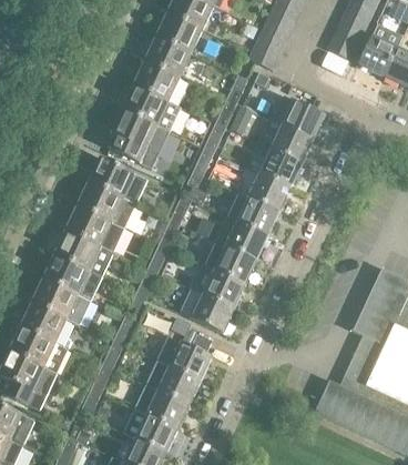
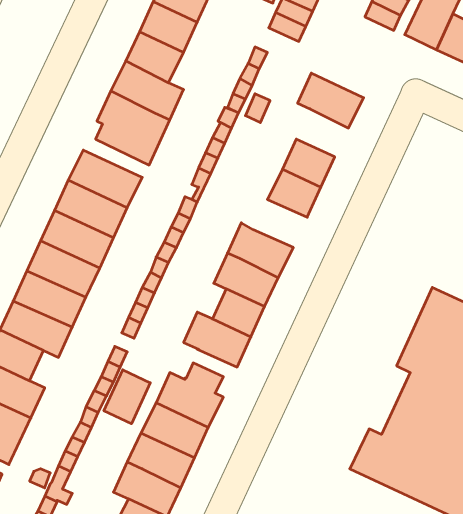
building: [271,124,313,163] -> none
building: [226,192,279,236] -> none
building: none -> [104,370,150,424]

